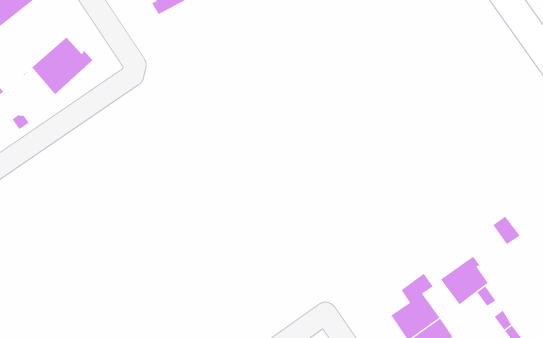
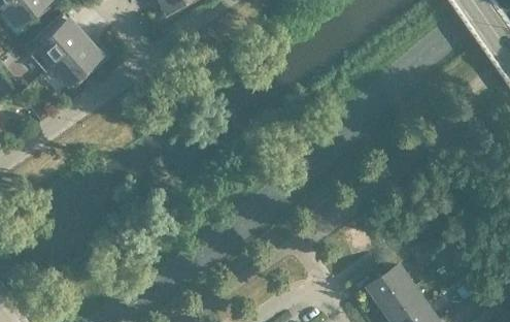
building: none -> [29,11,82,72]
building: [440,256,489,311] -> none

